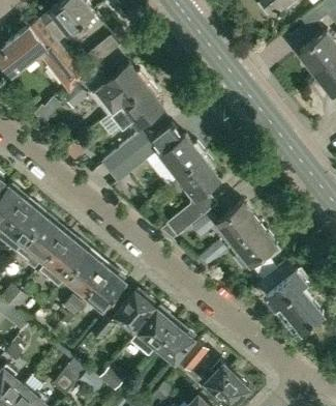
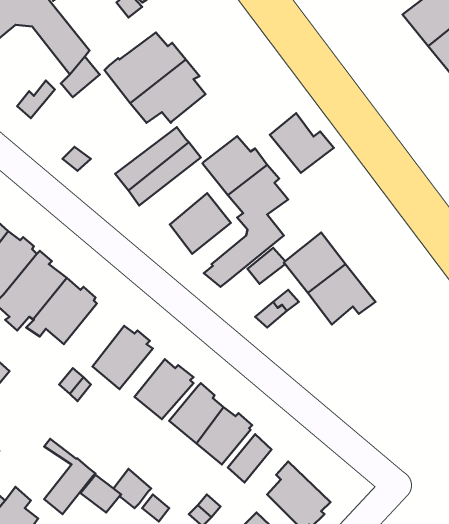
building: none -> [270,113,334,173]
building: none -> [170,193,231,254]
building: [65,251,106,295] -> none
building: [256,260,324,331] -> none

